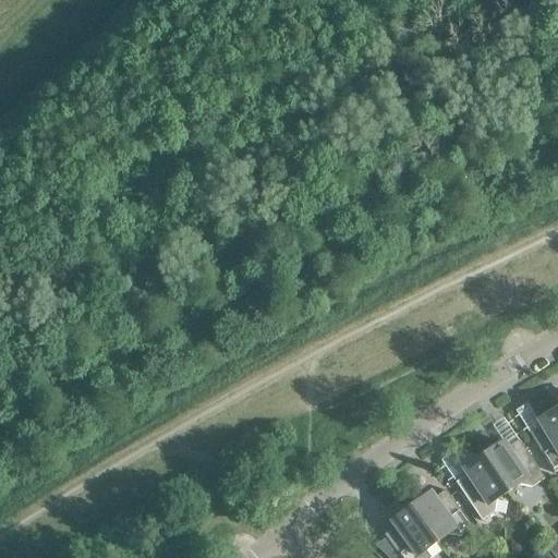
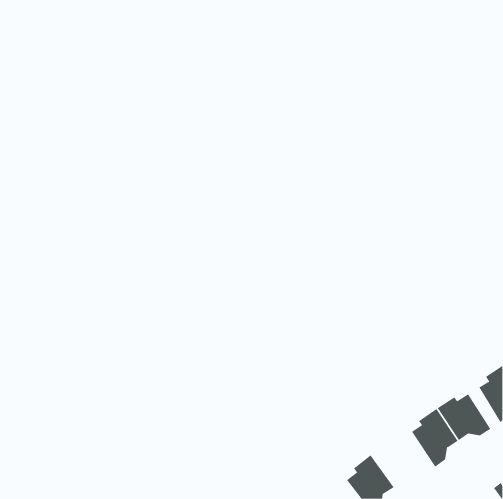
building: [410,485,472,538] -> none

